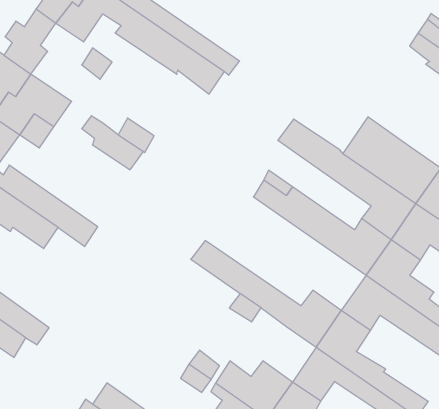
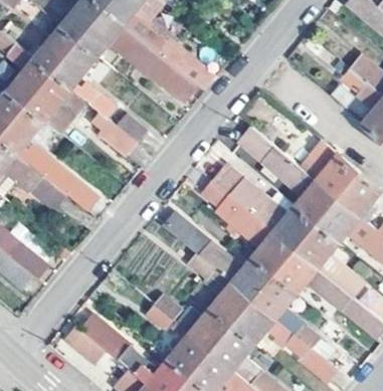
building: none -> [54,39,114,118]
building: none -> [203,183,296,274]
building: none -> [212,283,253,326]

